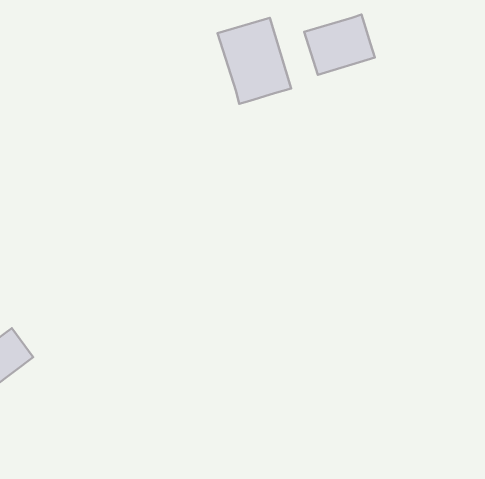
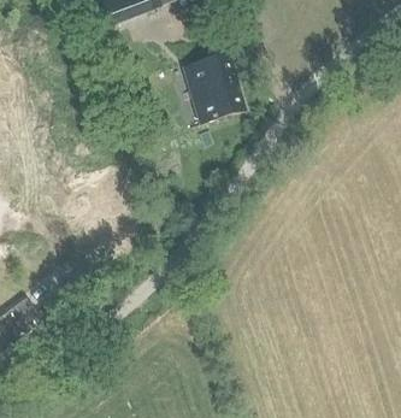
building: [304,14,375,75] -> none

